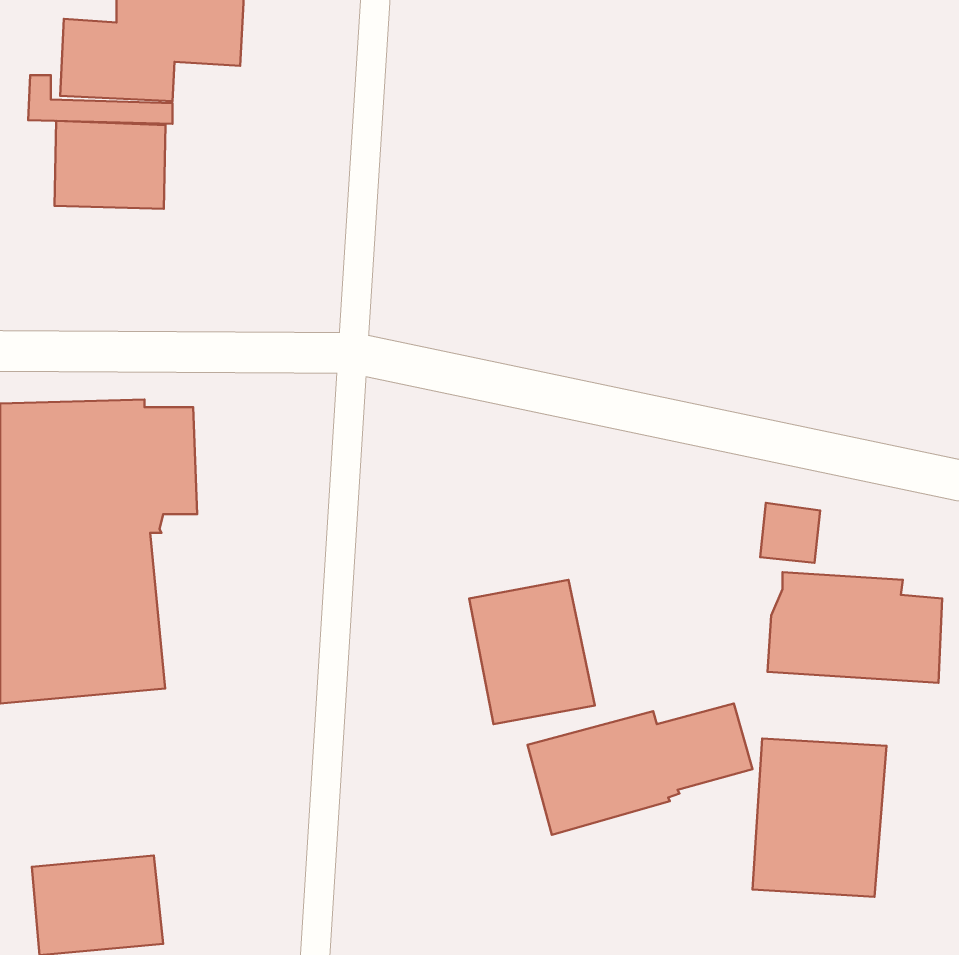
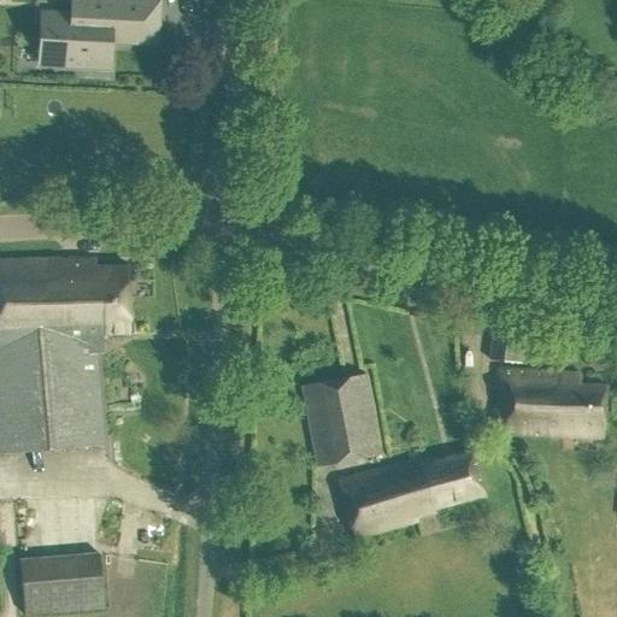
building: [55,121,165,209] -> none
building: [752,739,887,897] -> none

